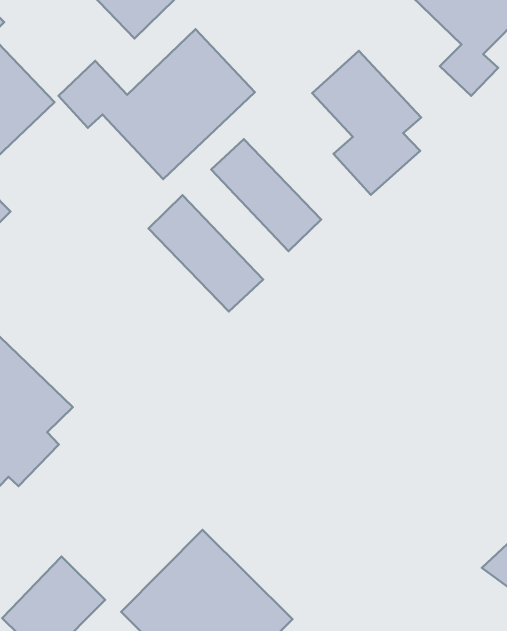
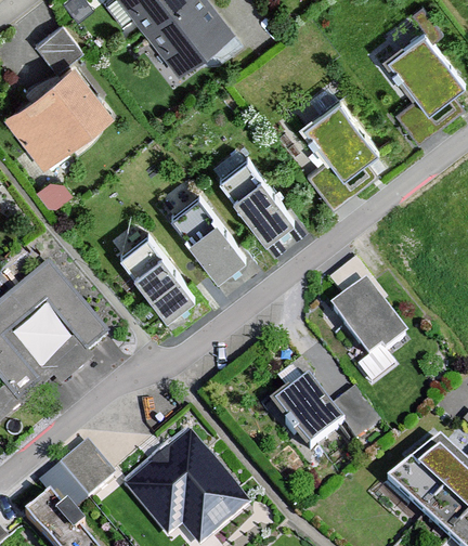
building: [58,29,255,179] -> none
building: none -> [117,230,204,324]
building: none -> [328,283,406,362]
building: none -> [270,380,376,452]

